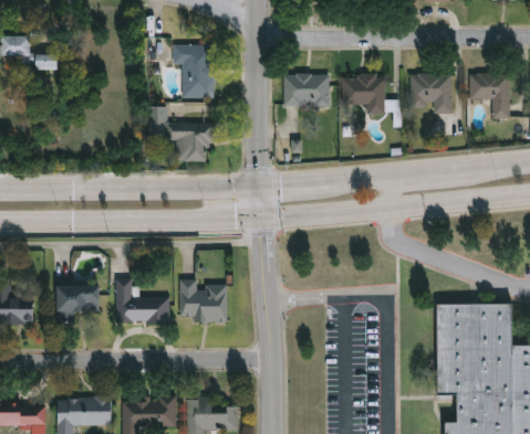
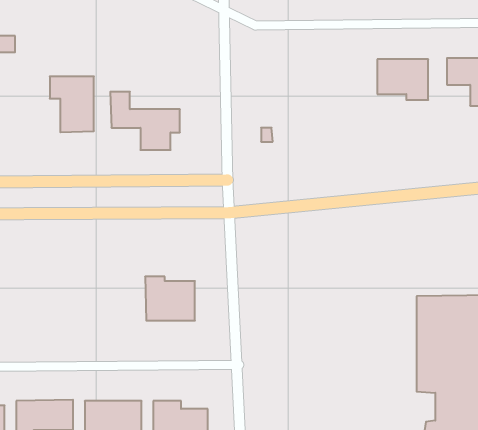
building: [173,44,215,97] -> [50,76,94,132]
building: [283,74,330,106] -> none
building: [342,74,385,114] -> none
building: [117,282,172,325] -> none
building: [59,286,102,314] -> none

